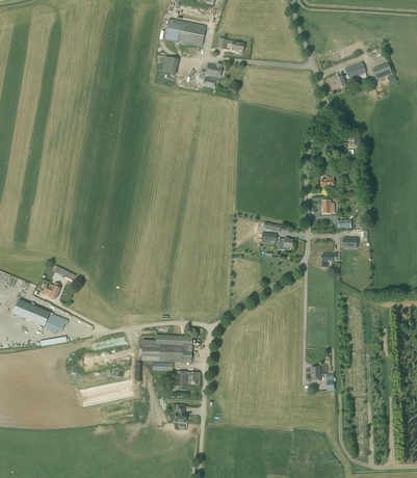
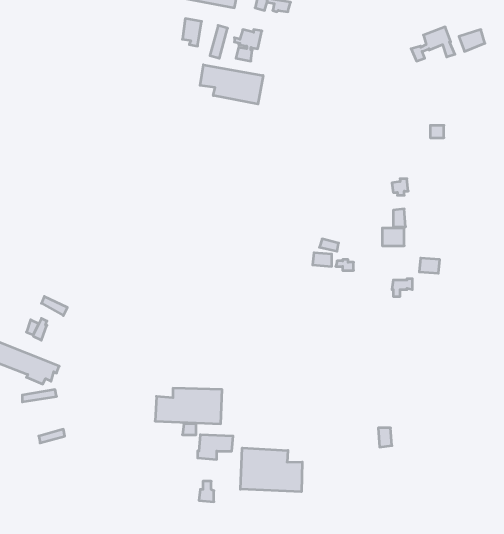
building: none -> [200,65,263,104]
building: none -> [240,448,302,492]

